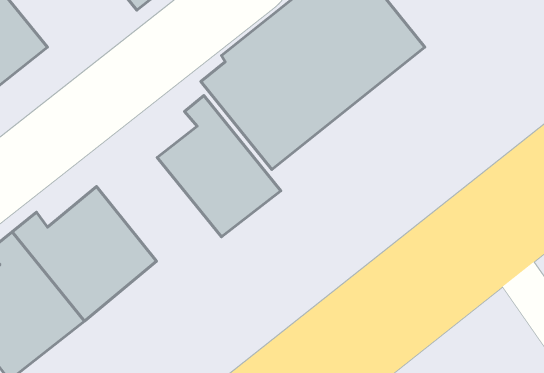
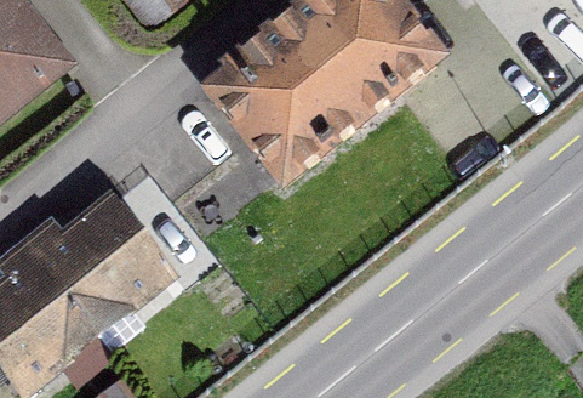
building: [157,95,281,237] -> none

